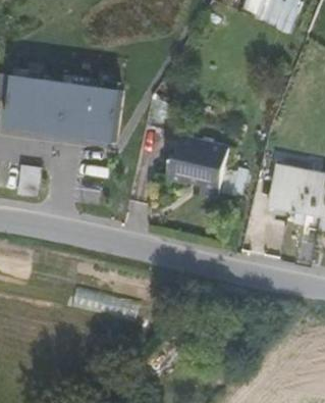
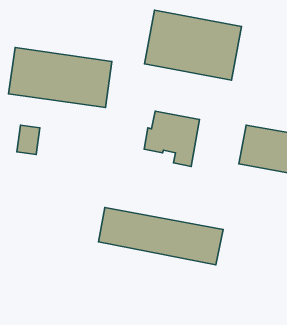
building: none -> [144,10,242,80]
building: none -> [99,207,223,265]

